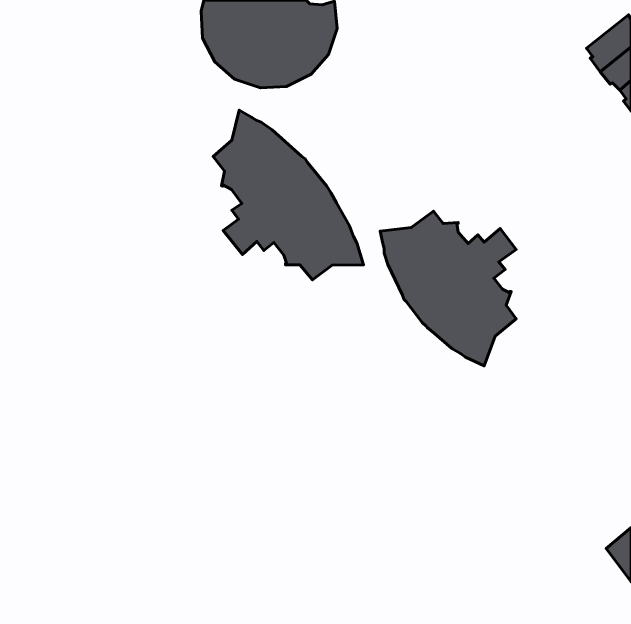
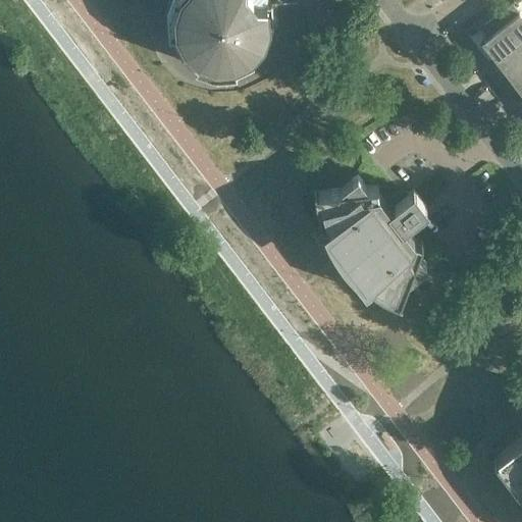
building: [213,110,363,280] -> none

